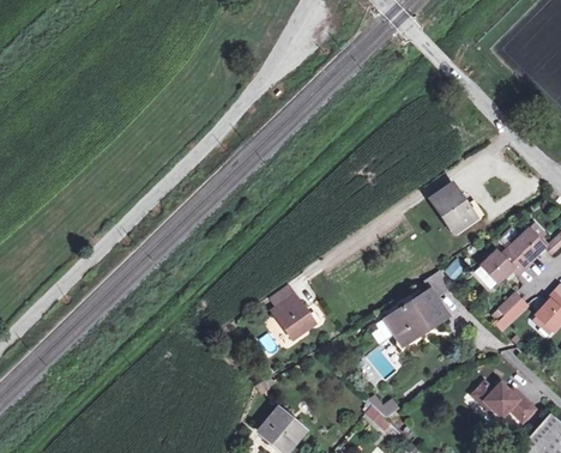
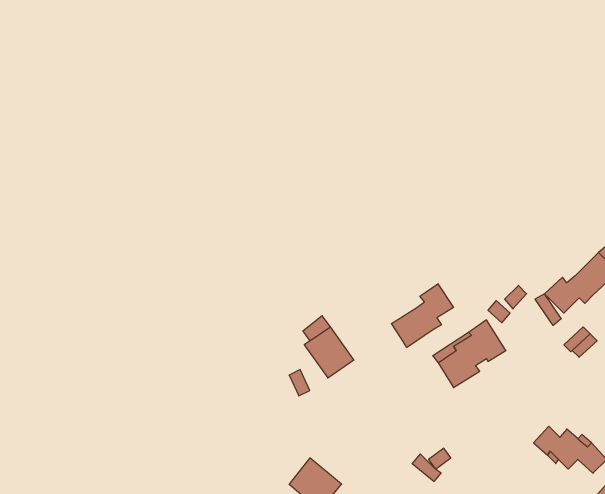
building: [430,183,475,231] -> none
building: none -> [392,284,453,347]

